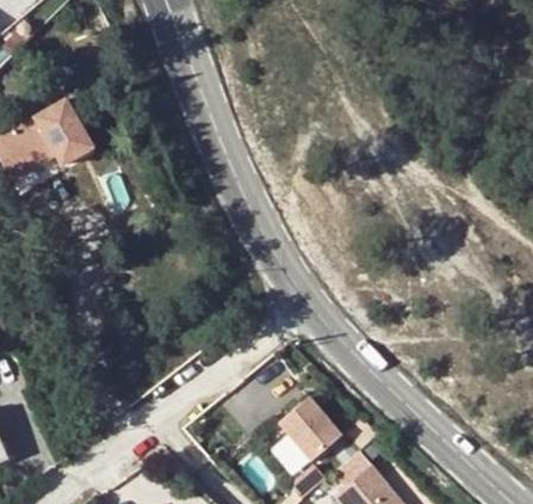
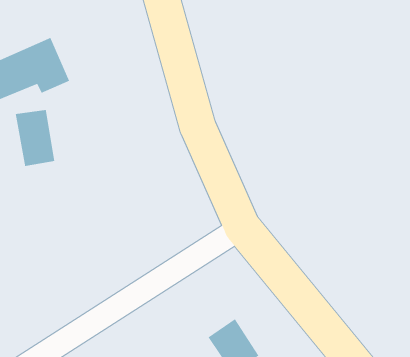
building: none -> [15,109,55,167]

